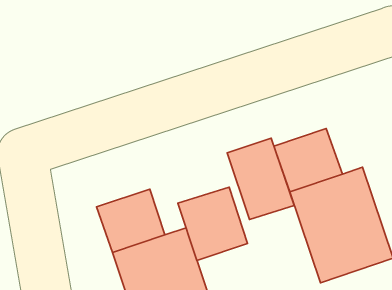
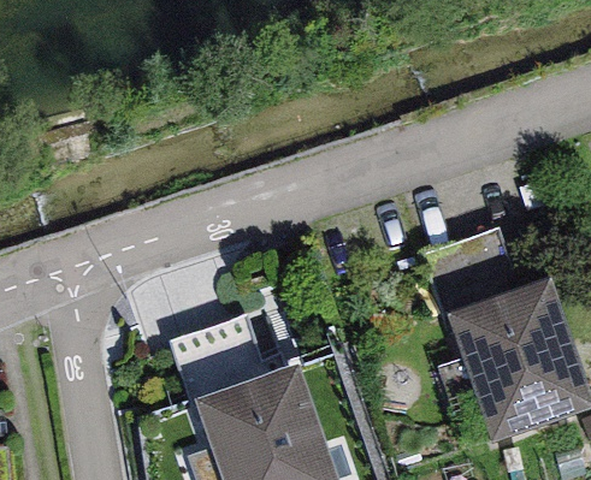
building: [227,138,294,219] -> none
building: [178,187,248,260] -> none

